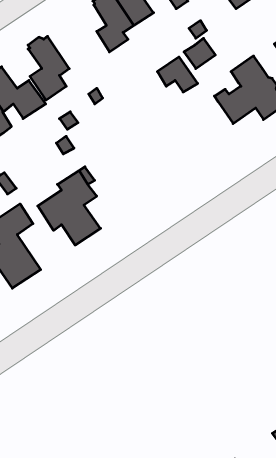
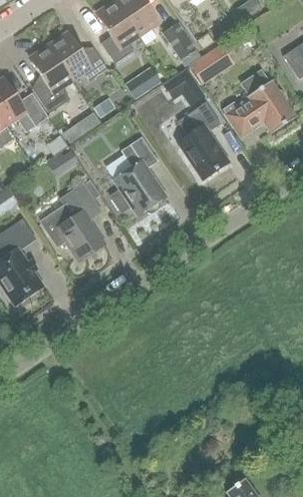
building: none -> [163,22,202,66]
building: none -> [51,32,107,80]
building: none -> [122,65,159,97]
building: none -> [178,101,229,178]
building: none -> [111,136,167,215]

